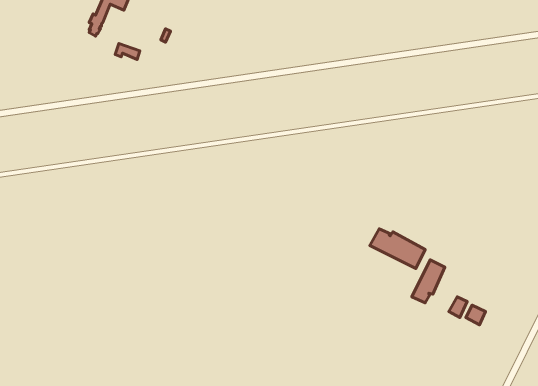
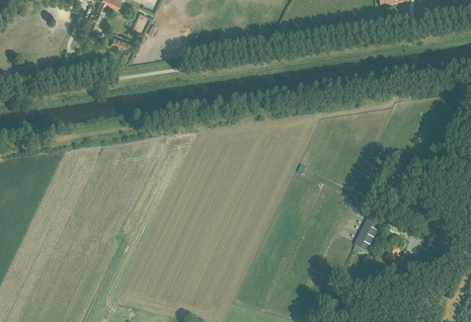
building: [370,229,425,268] -> none

